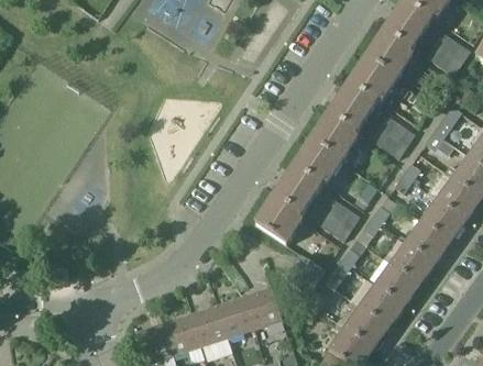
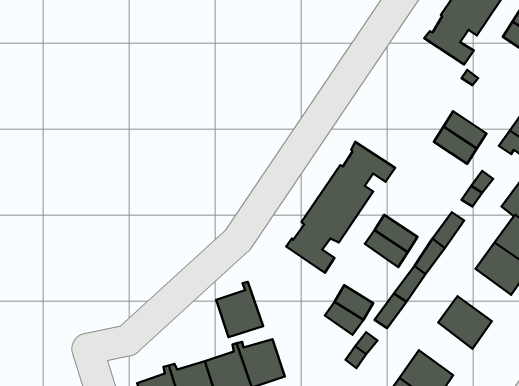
building: [311,57,398,160] -> none
building: [393,241,436,282] -> none
building: [245,282,283,326] -> [216,282,263,337]
building: [362,284,405,325] -> none

